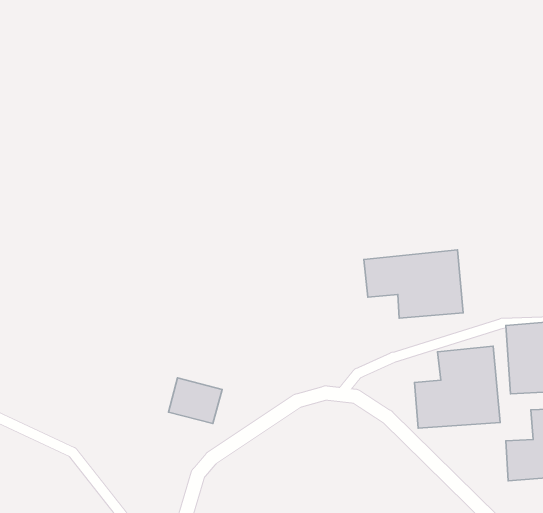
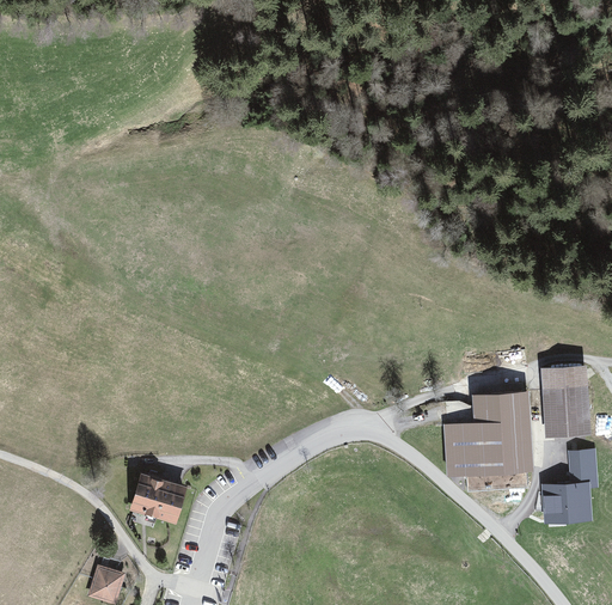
building: [364,250,463,318] -> none
building: [169,378,222,424] -> [130,473,186,521]

